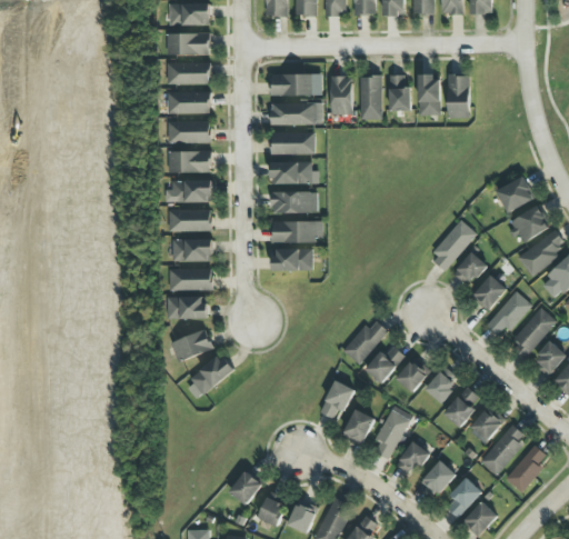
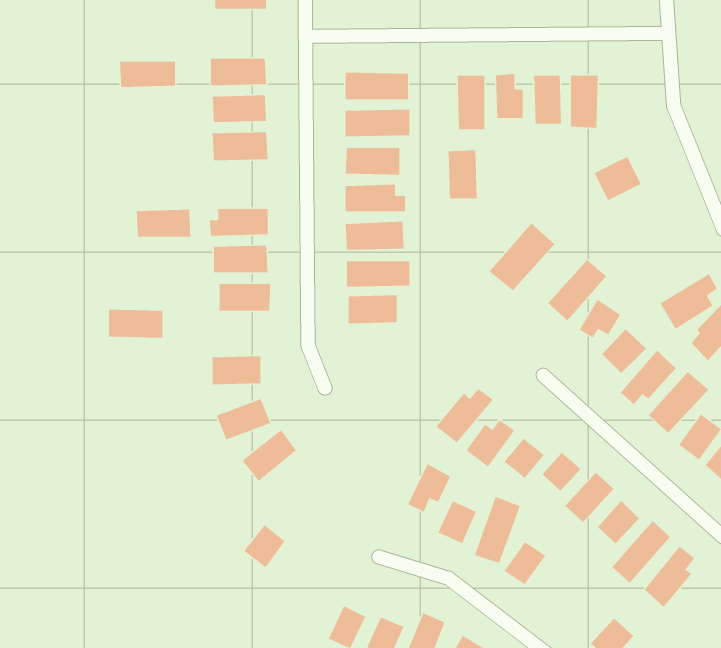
building: [164,33,209,54] -> [119,61,176,88]
building: [330,76,353,114] -> [448,150,478,199]
building: [167,150,210,172] -> [136,209,191,237]
building: [497,177,535,212] -> [594,156,642,201]
building: none -> [489,223,555,291]
building: [509,206,549,243] -> none
building: [169,268,212,291] -> [108,309,163,339]
building: [420,460,457,497] -> none
building: [229,470,262,505] -> [243,524,286,568]
building: [447,477,482,518] -> none

